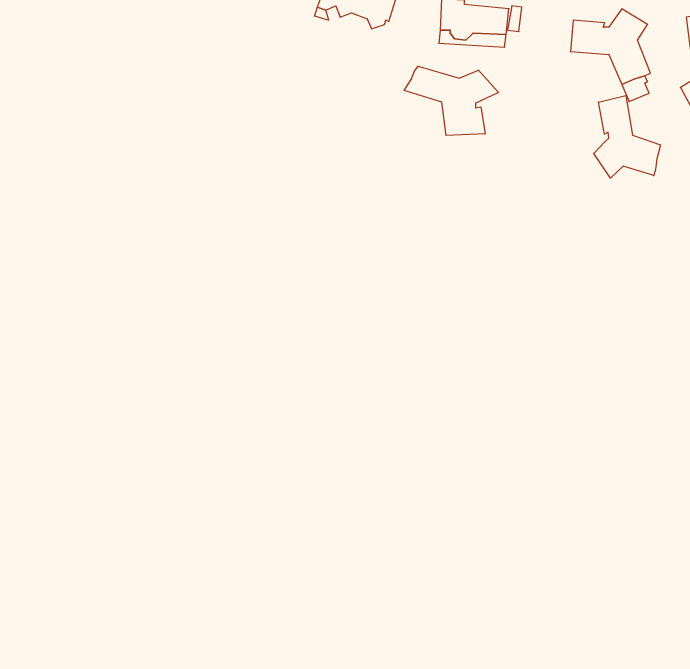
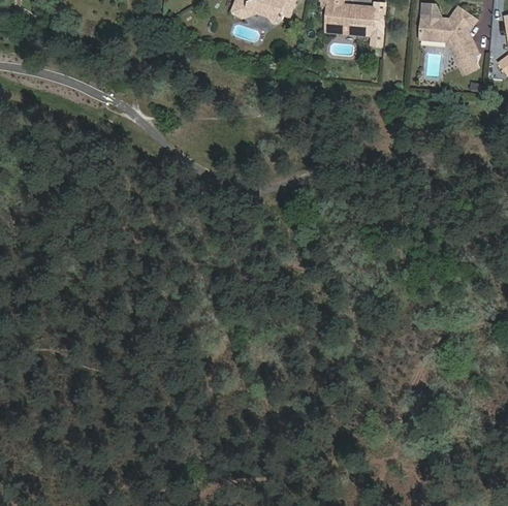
building: [404,66,498,135] -> none
building: [594,96,661,178] -> none

